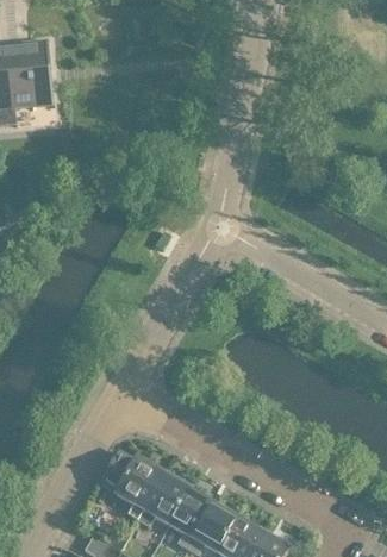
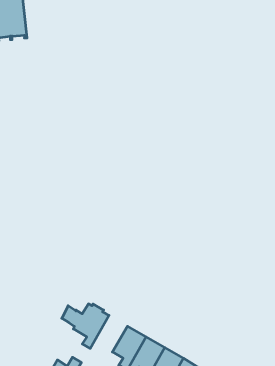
building: [138,475,188,525] -> none

